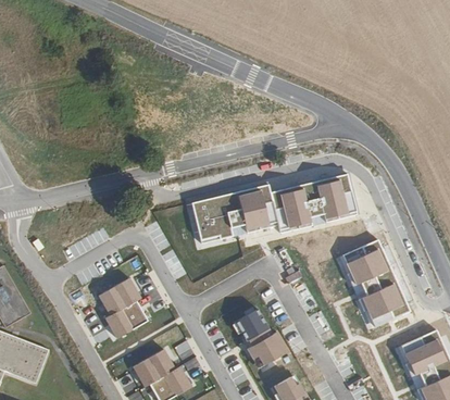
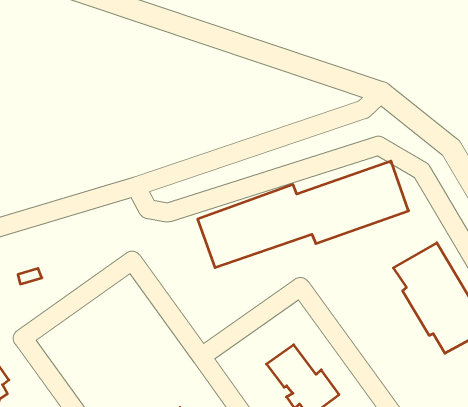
building: [98,278,147,339] -> none

